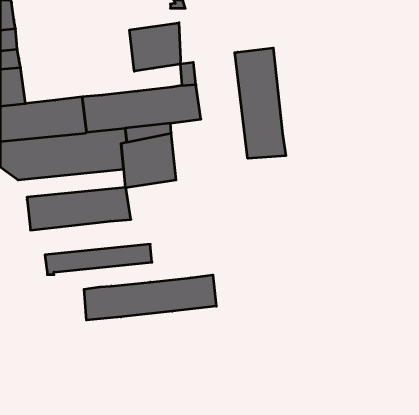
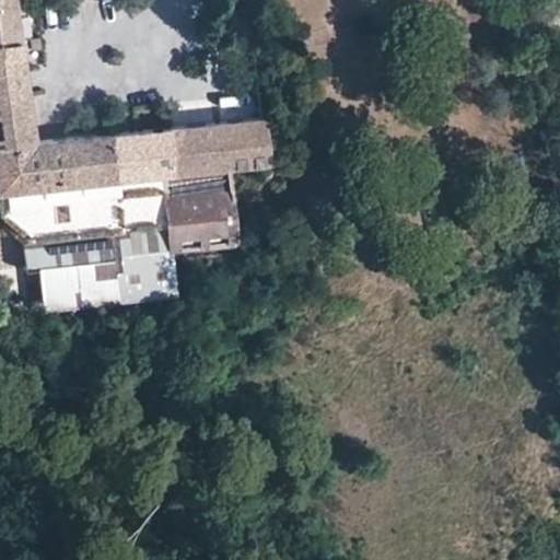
building: [130,23,181,71] -> none
building: [235,48,286,158] -> none
building: [45,244,152,275] -> [26,232,168,272]
building: [84,275,216,320] -> none

